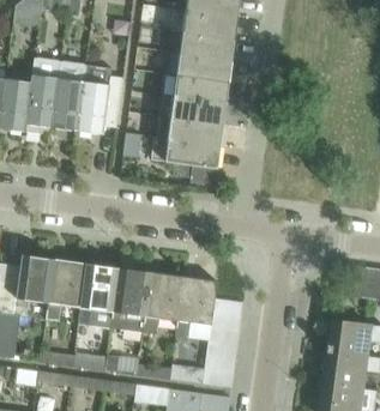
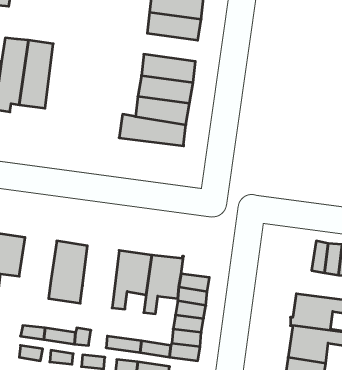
building: [176,53,230,81] -> none
building: [74,64,122,133] -> none
building: [46,261,86,321] -> none
building: [110,270,150,333] -> none

